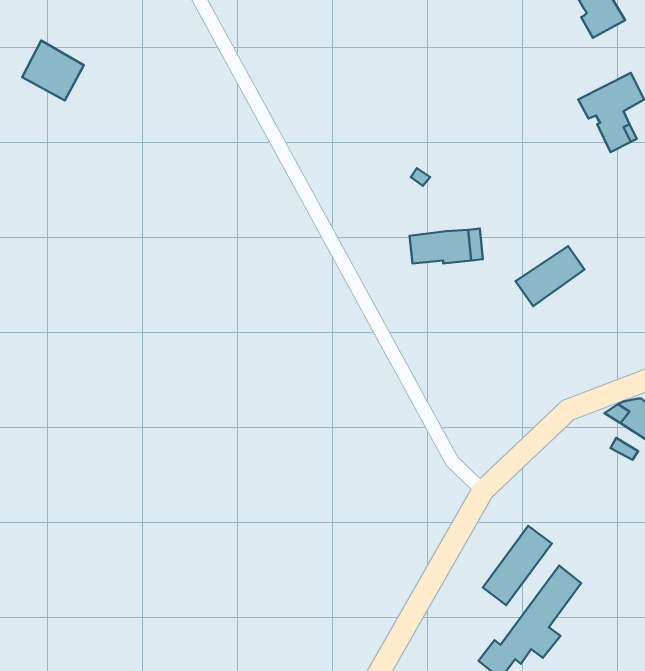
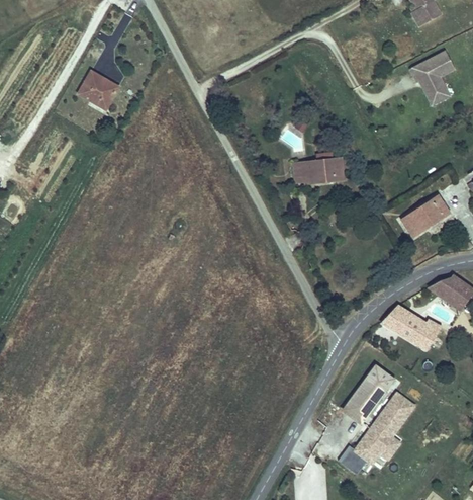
building: [22,40,84,100] -> [77,67,119,108]
building: [515,246,584,306] -> [400,193,448,235]
building: none -> [380,305,439,349]

